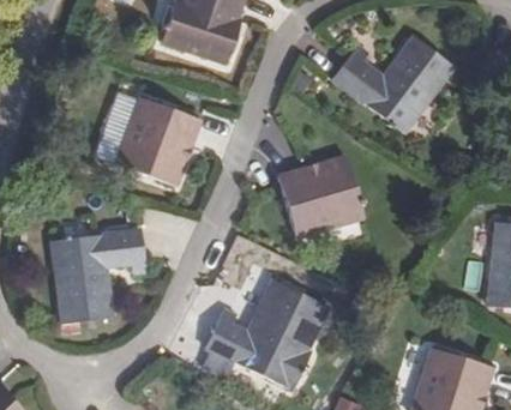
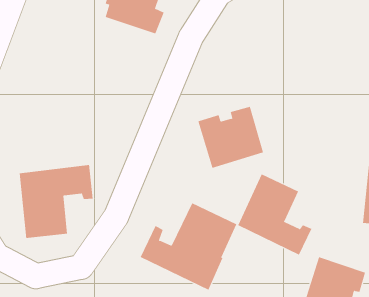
building: [331,35,455,135] -> none
building: [116,98,199,186] -> none
building: none -> [237,173,312,256]

